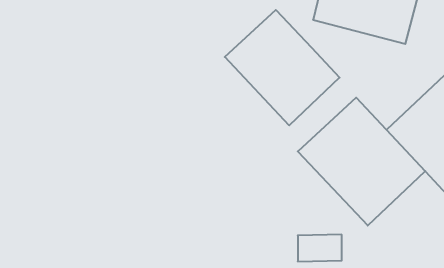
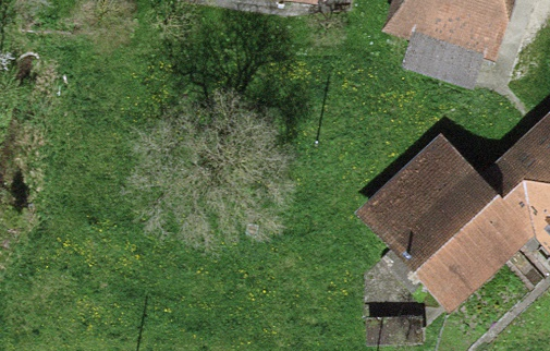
building: [225,10,340,125] -> none

